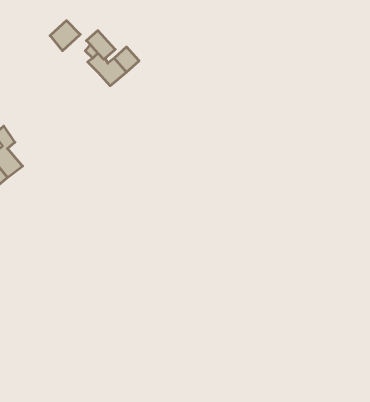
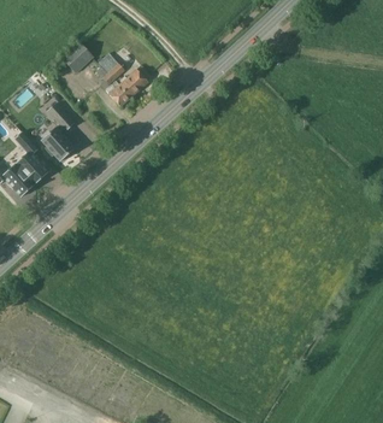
building: none -> [45,104,79,160]

